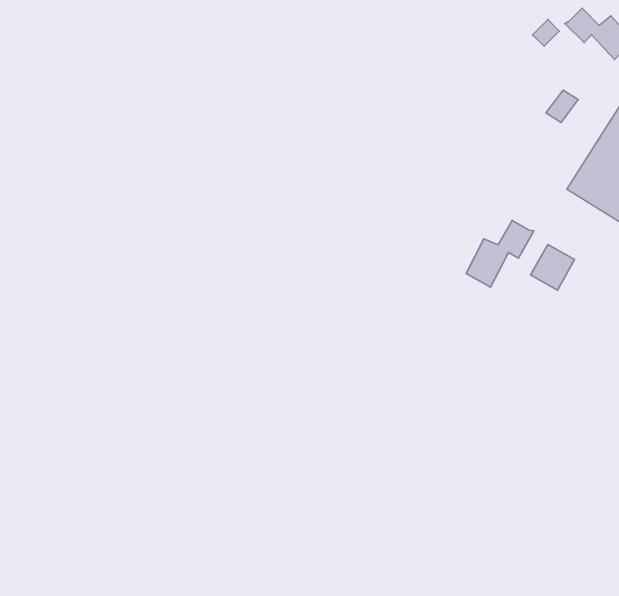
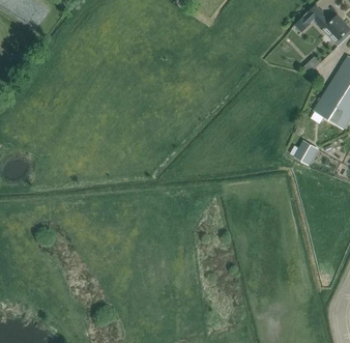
building: [466,220,534,287] -> none

